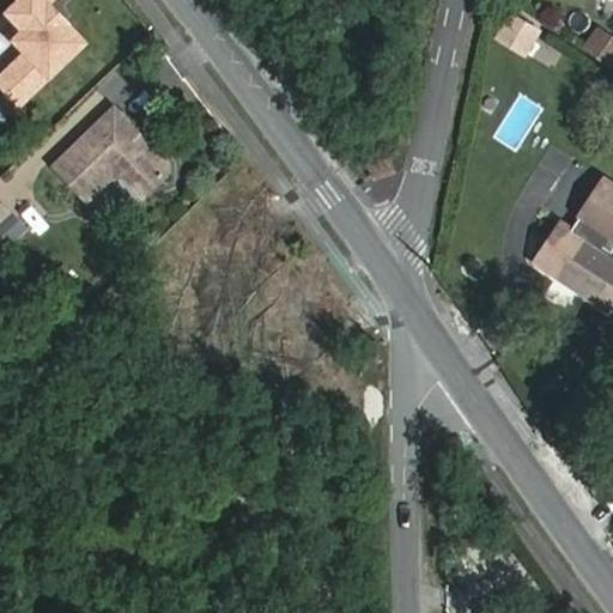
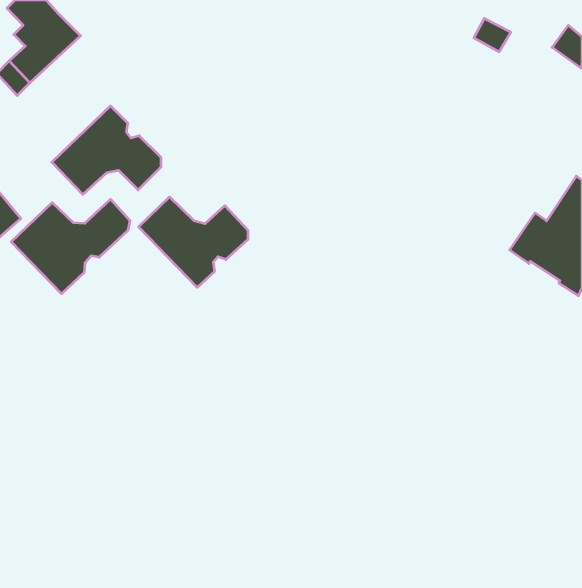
building: none -> [139,197,248,287]
building: none -> [11,199,130,294]

